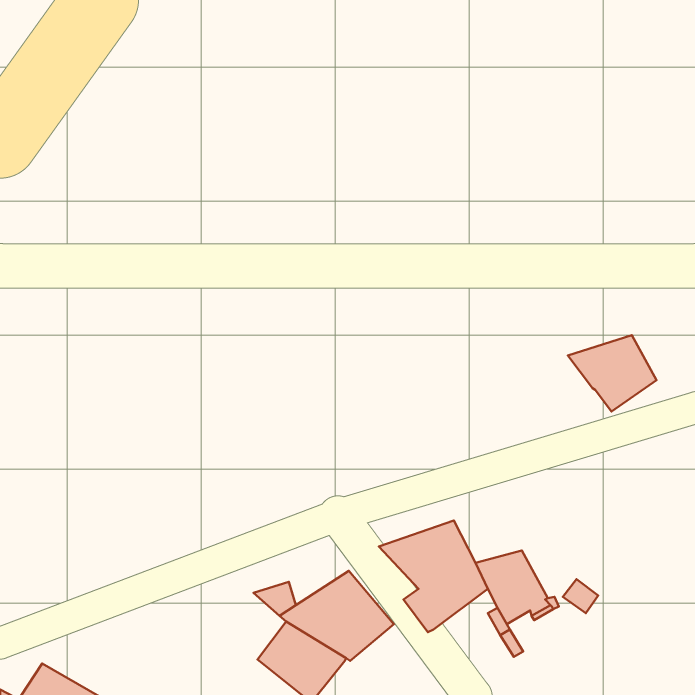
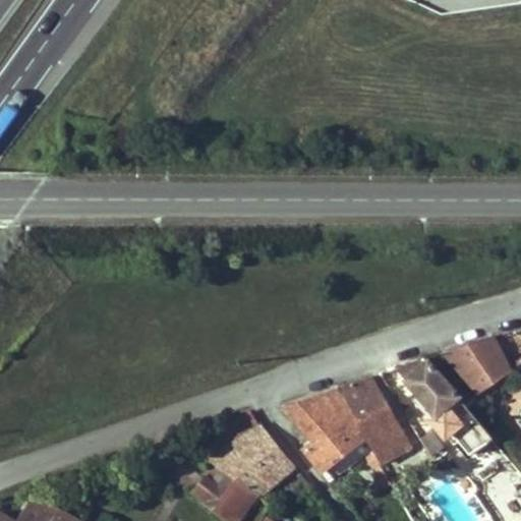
building: [568,335,656,411] -> [445,338,511,395]
building: none -> [406,363,494,456]
building: none -> [340,379,391,421]

